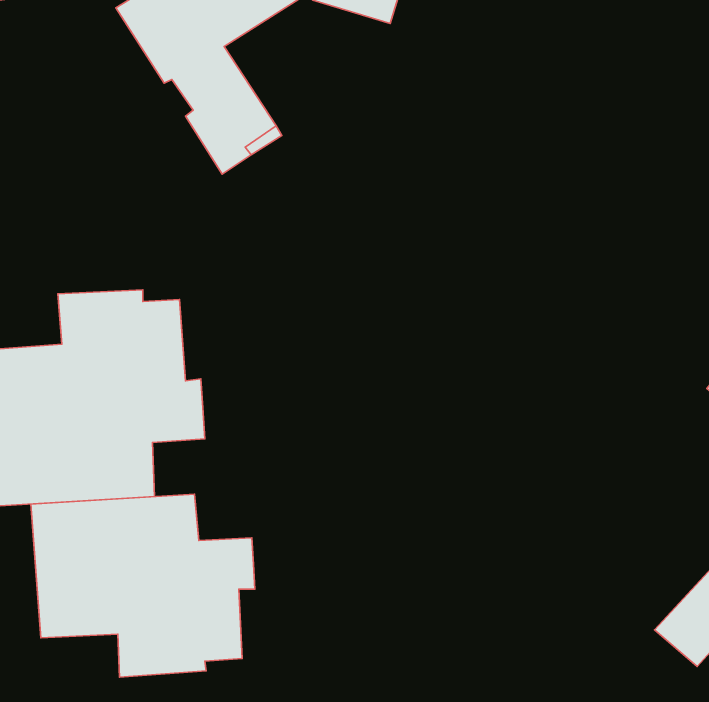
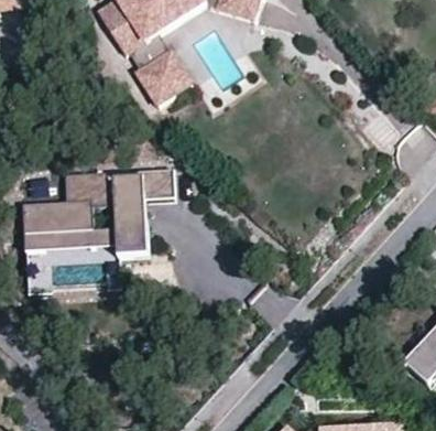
building: none -> [112,166,174,222]
building: [31,494,255,677] -> none

